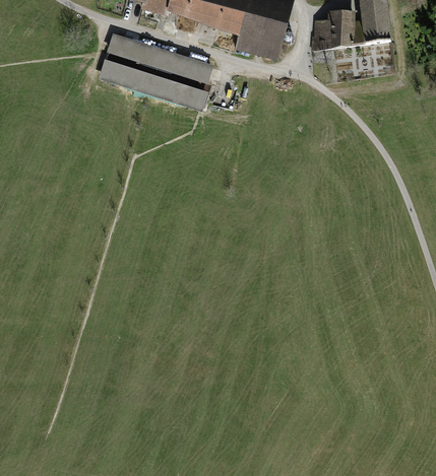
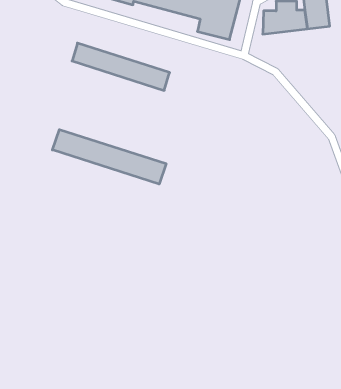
building: [107,32,213,83] -> none
building: none -> [52,130,166,184]

